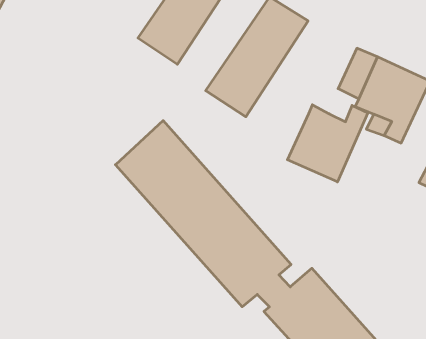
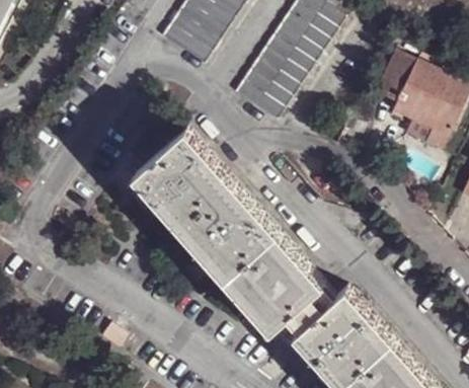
building: [287,105,368,182] -> none

